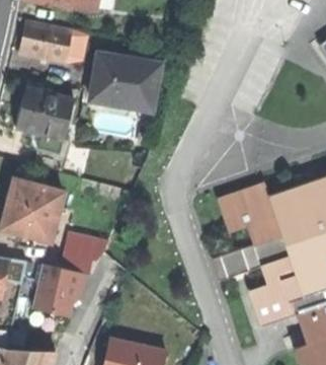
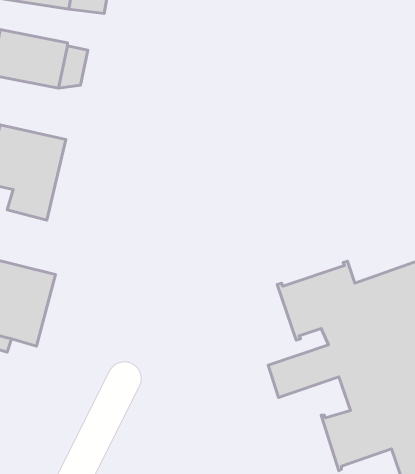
building: [90,54,160,112] -> none
building: [31,230,91,316] -> none

